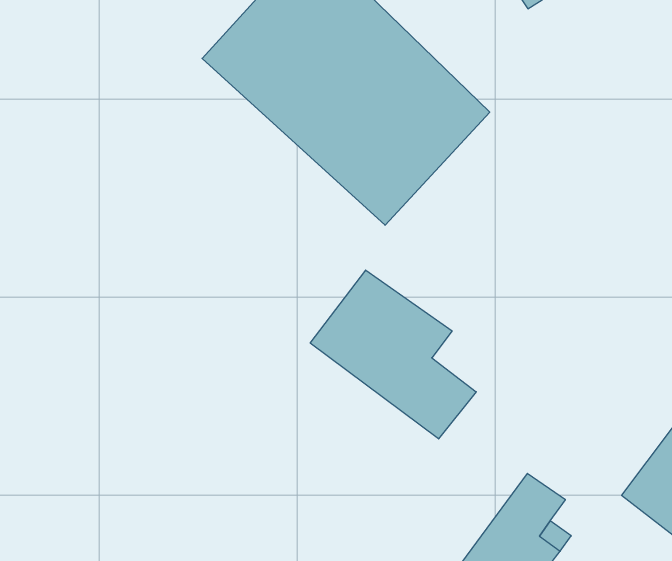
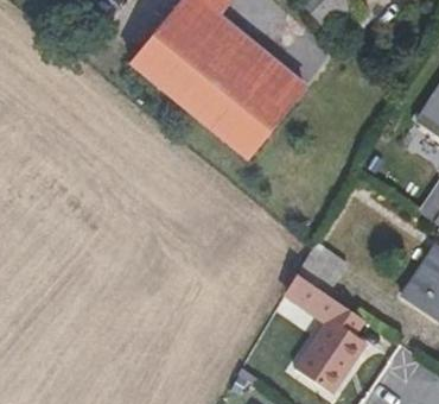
building: [310,270,476,439] -> none
building: none -> [290,257,338,308]

